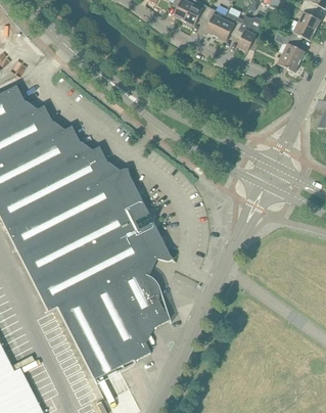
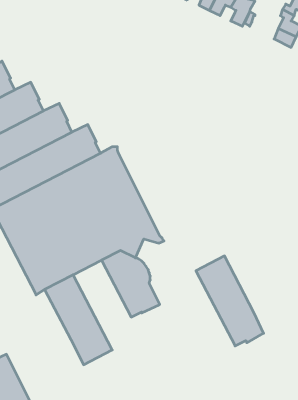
building: [84,277,149,364] -> [196,256,264,346]

